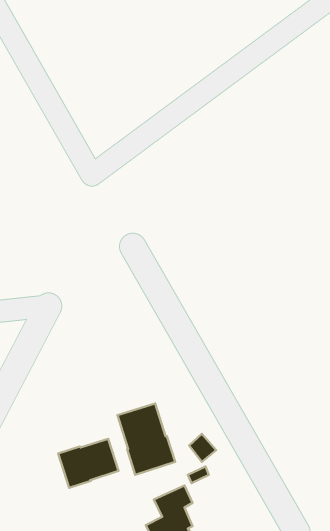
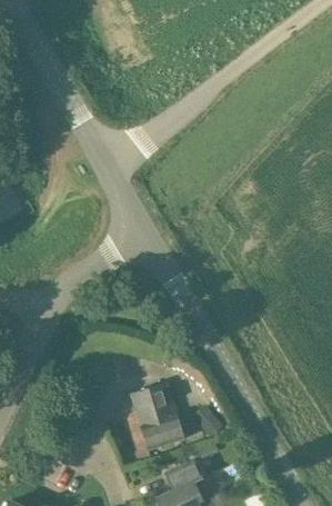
building: [58,439,119,488] -> none

